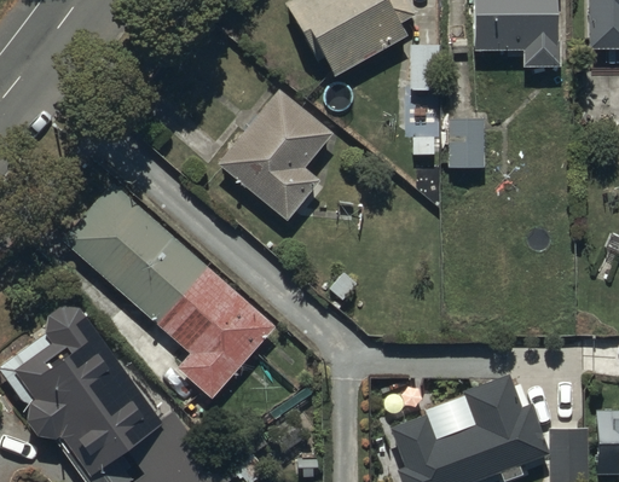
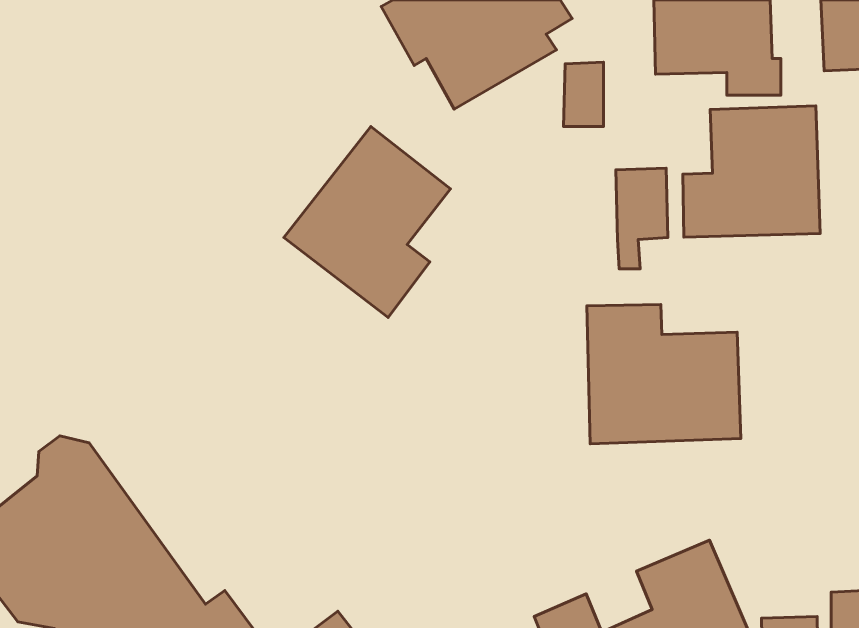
building: none -> [683,106,820,237]
building: [62,185,274,399] -> none
building: none -> [587,305,741,444]

